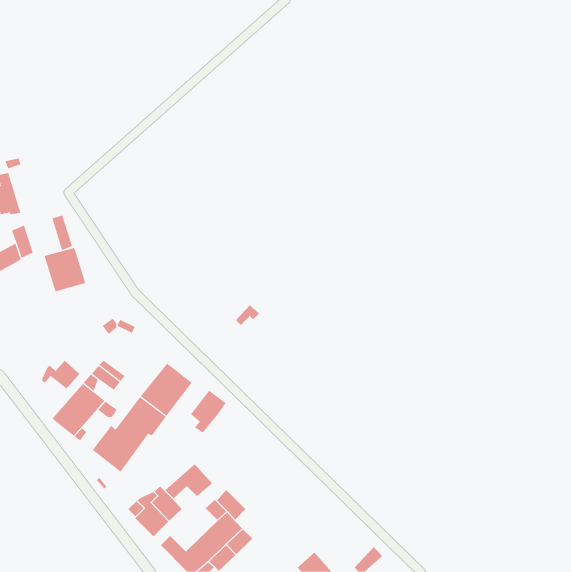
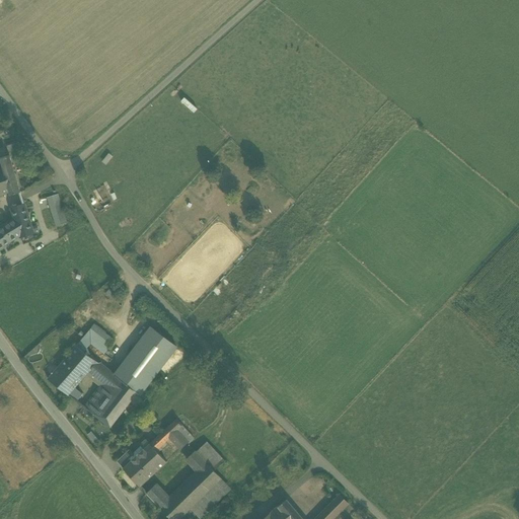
building: [44,247,86,292] -> none
building: [41,360,80,389] -> none
building: [190,390,227,433] -> none

